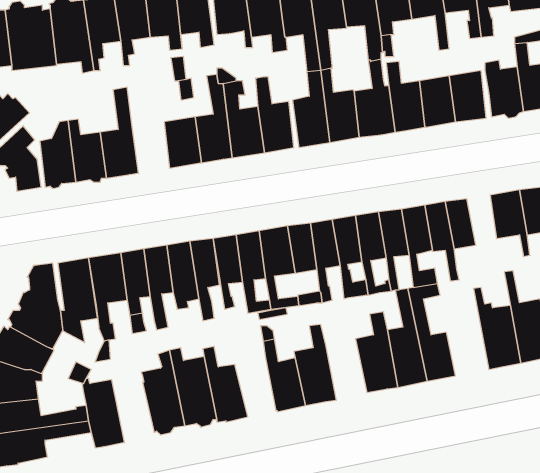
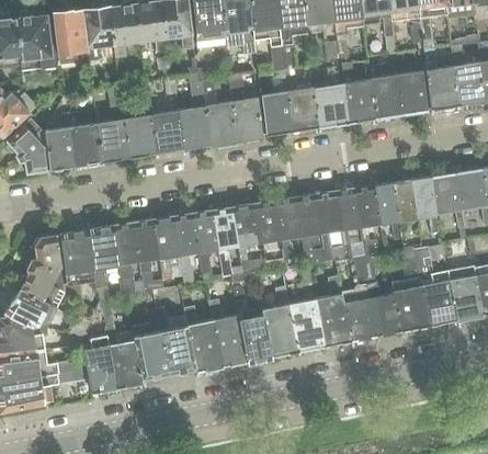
building: none -> [124,100,156,158]
building: none -> [410,177,439,234]
building: none -> [393,248,429,331]
building: none -> [290,264,325,351]
building: none -> [208,299,247,366]
building: none -> [105,318,143,388]

